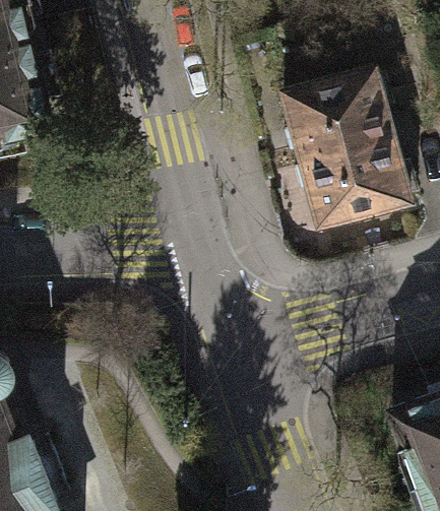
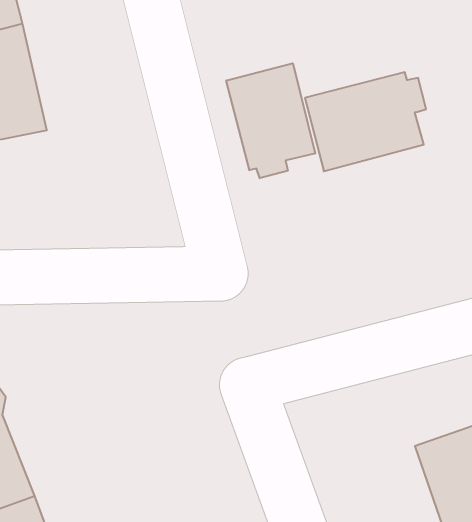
building: none -> [226,63,315,178]
building: [300,136,417,227] -> none

